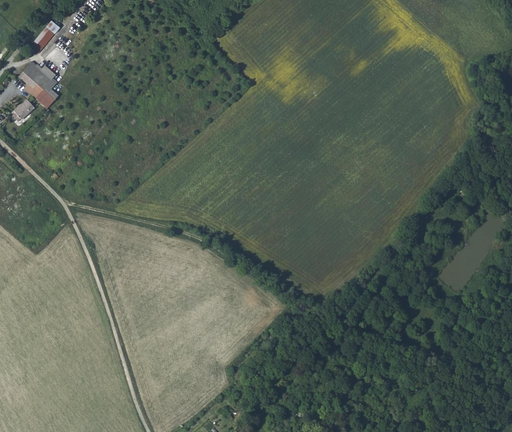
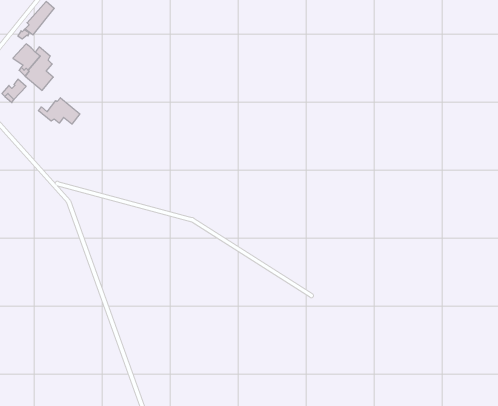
building: none -> [38,98,80,124]

